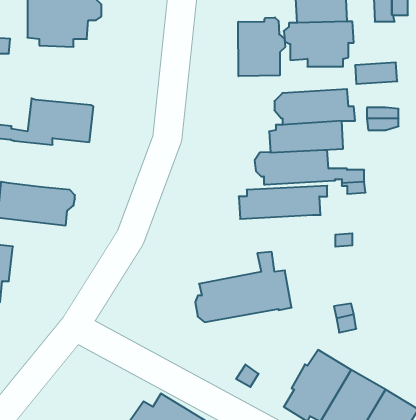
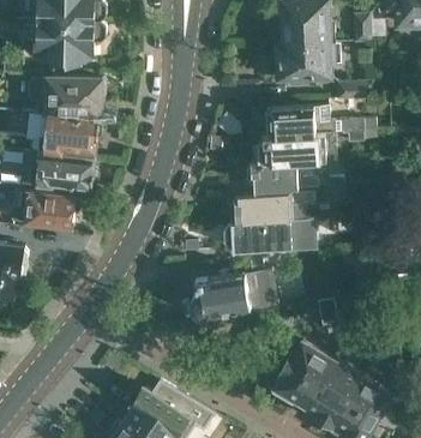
building: [238,17,285,76] -> none
building: none -> [35,77,102,119]
building: none -> [22,151,98,193]
building: none -> [223,218,307,248]

